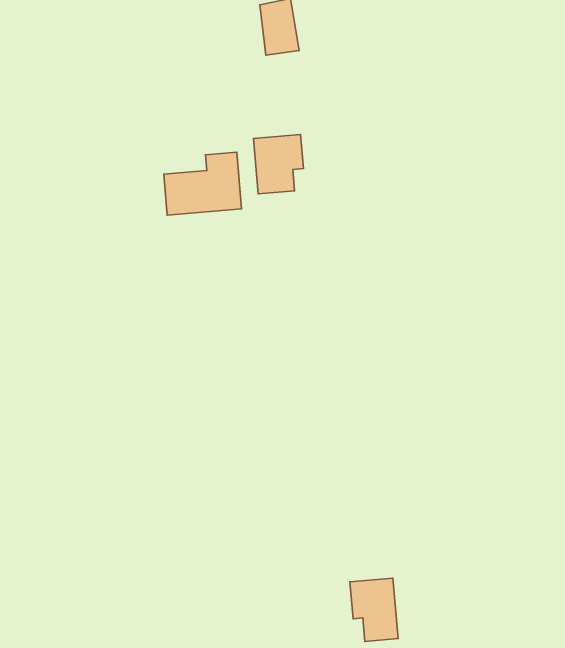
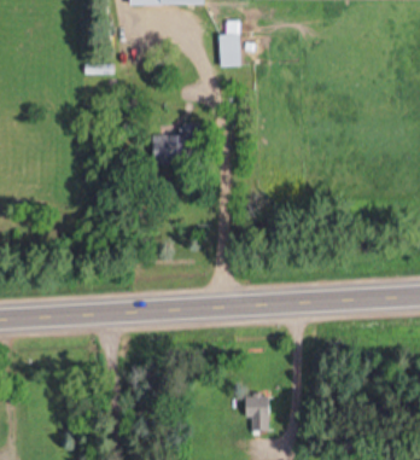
building: [253,135,303,194] -> none

